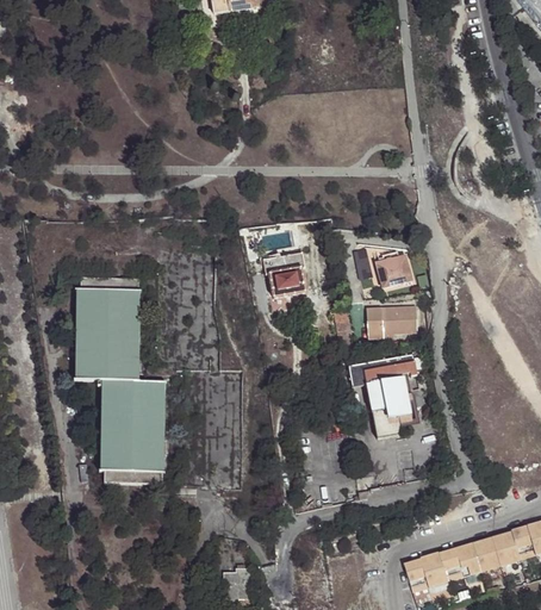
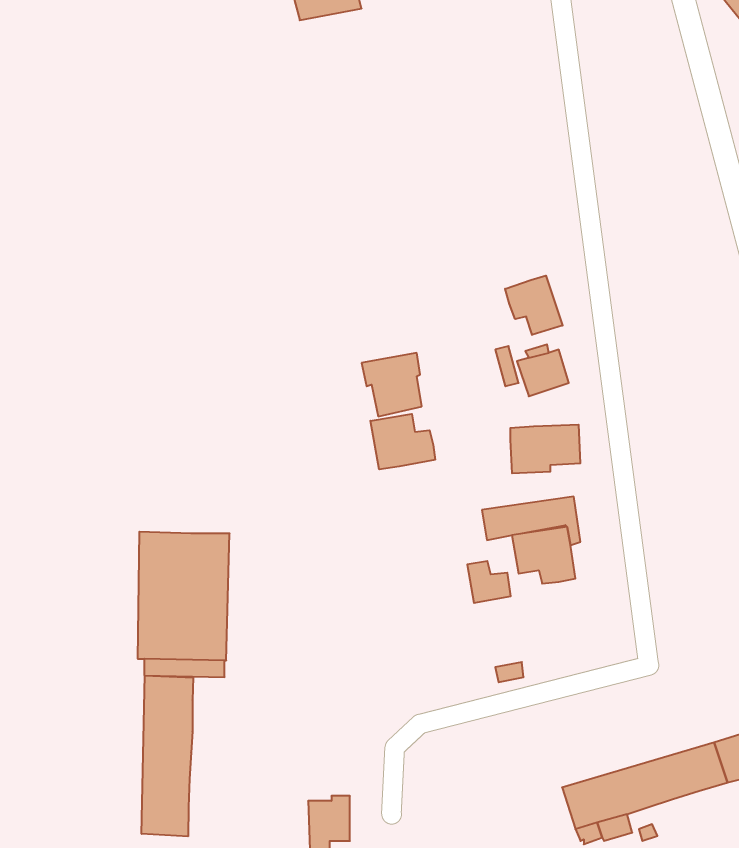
building: none -> [505,276,563,335]
building: [75,284,139,381] -> none
building: none -> [370,414,435,469]
building: [372,407,403,437] -> [467,561,511,603]
building: none -> [142,675,193,836]

